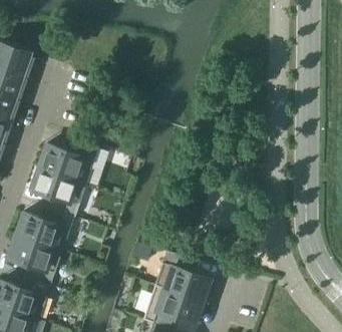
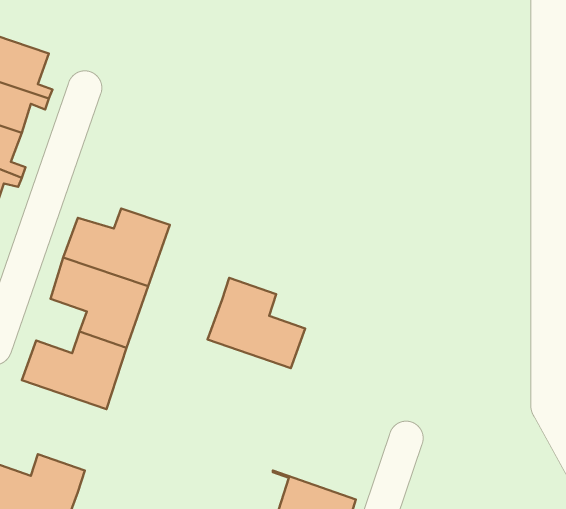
building: [7,235,62,285] -> none
building: [154,251,209,301] -> [208,278,305,368]

